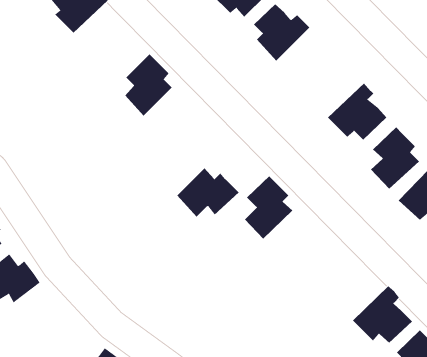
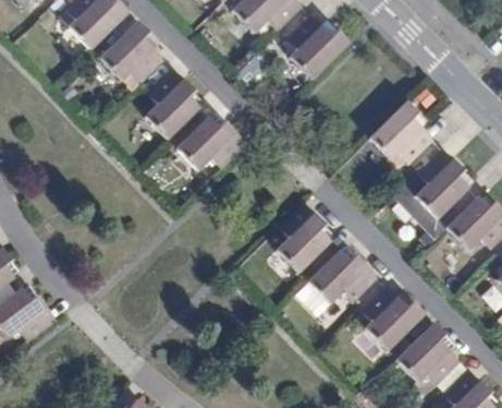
building: none -> [100,21,163,85]
building: [177,168,239,218] -> [177,116,246,170]
building: none -> [307,249,377,305]
building: none -> [362,286,425,350]

